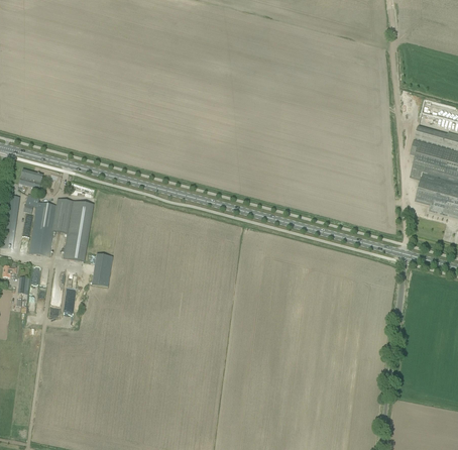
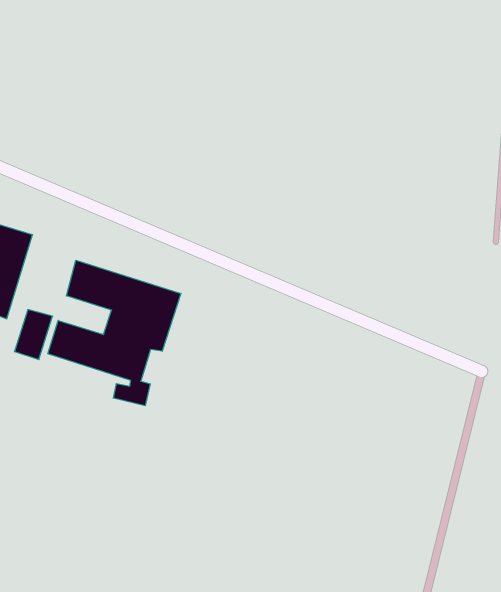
building: none -> [48,260,181,406]

